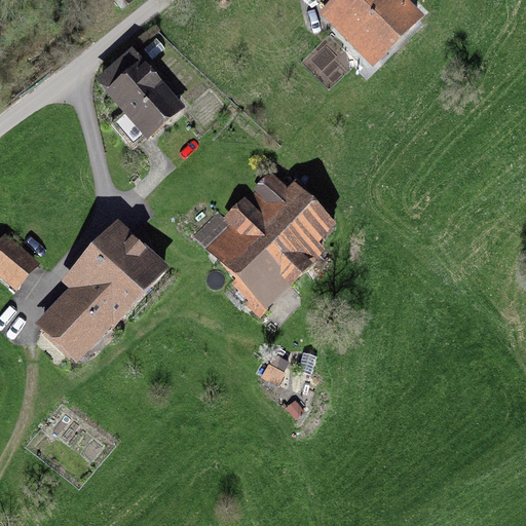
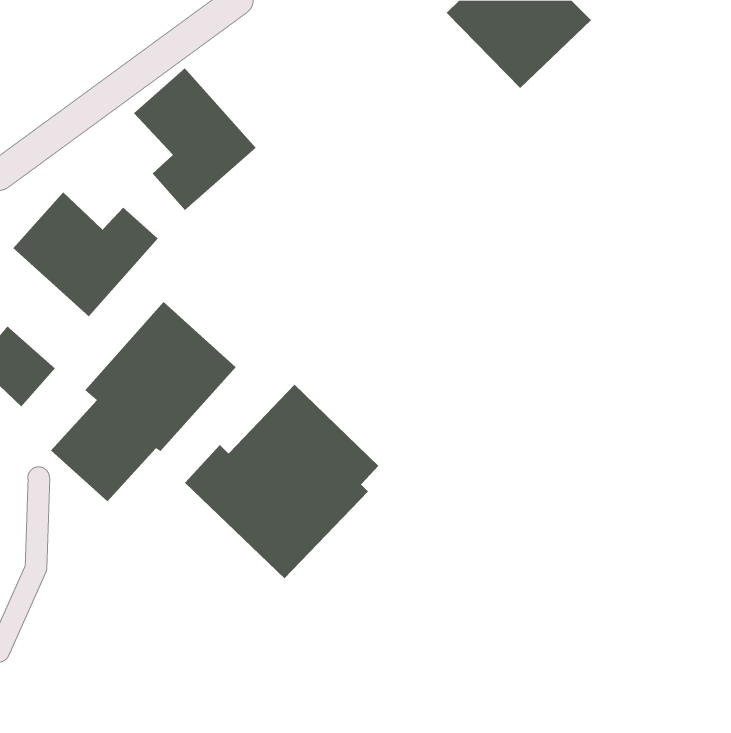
building: none -> [12,192,159,317]
building: [192,167,332,307] -> [184,384,379,579]

